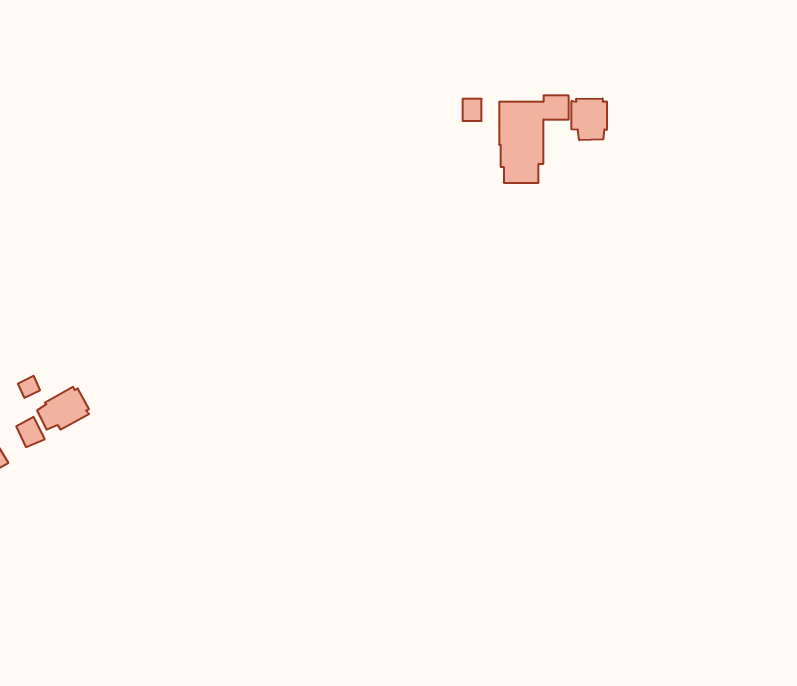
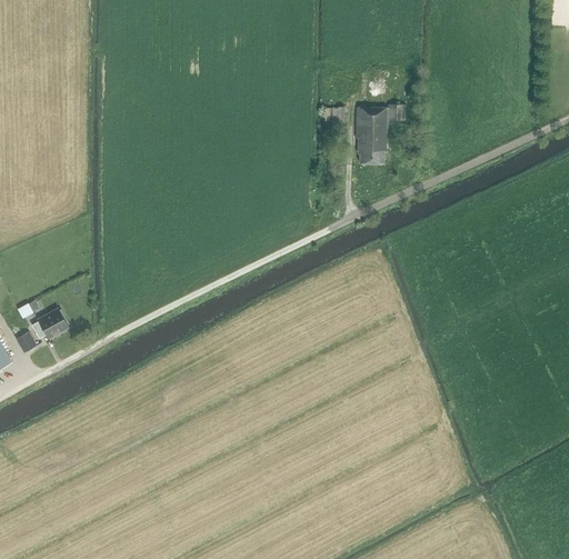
building: [572,98,607,140] -> none

